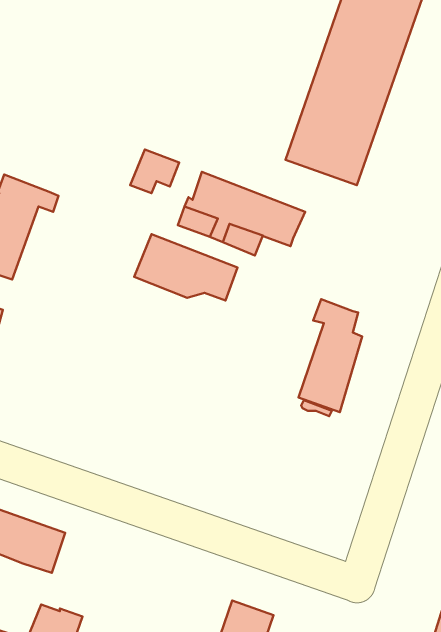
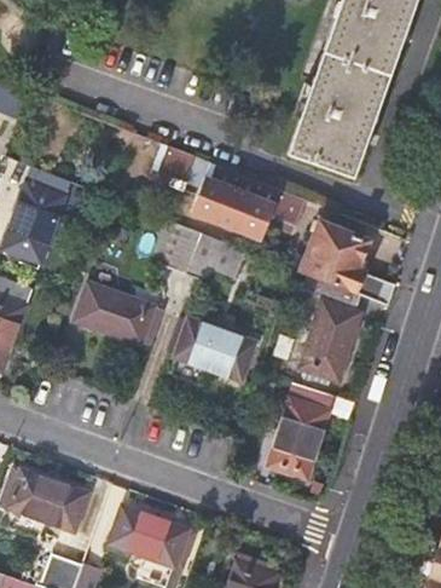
building: none -> [301,224,395,306]
building: none -> [74,284,163,345]
building: none -> [169,317,256,381]
building: none -> [268,385,333,480]
building: none -> [108,507,197,569]

